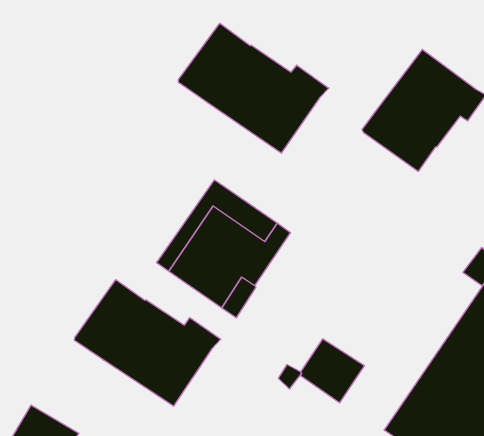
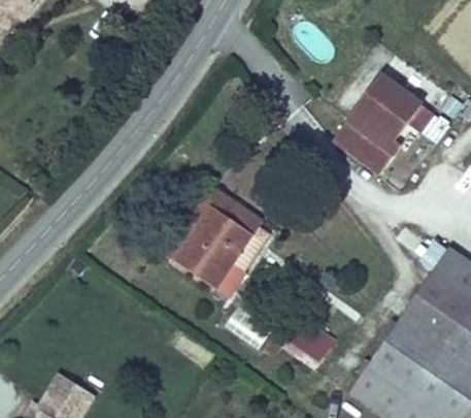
building: [178,23,329,153] -> none
building: [75,280,221,406] -> none

